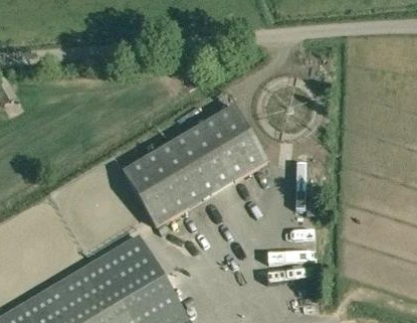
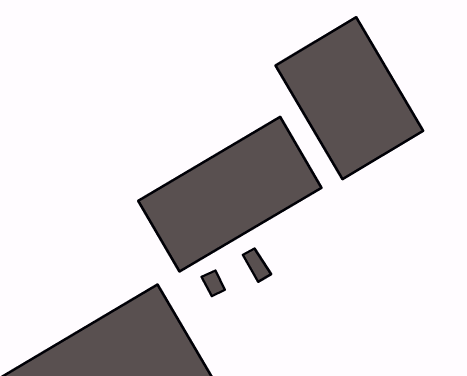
building: none -> [275,17,423,179]

